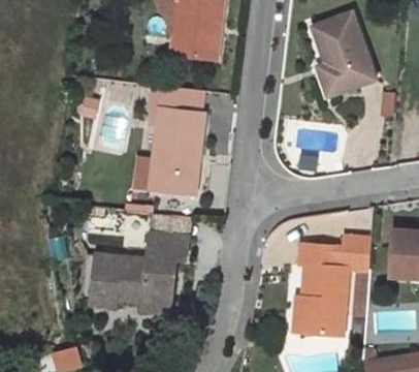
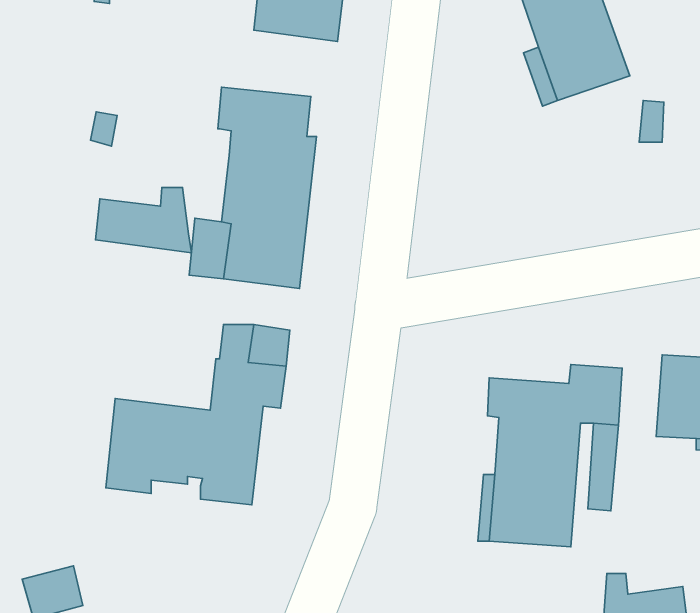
building: none -> [95,187,191,253]

